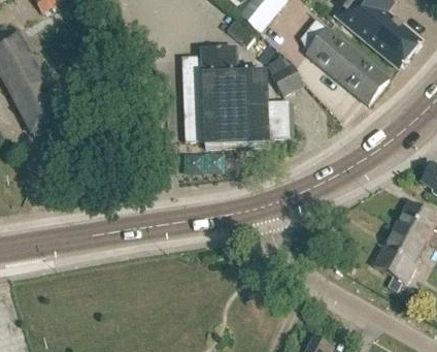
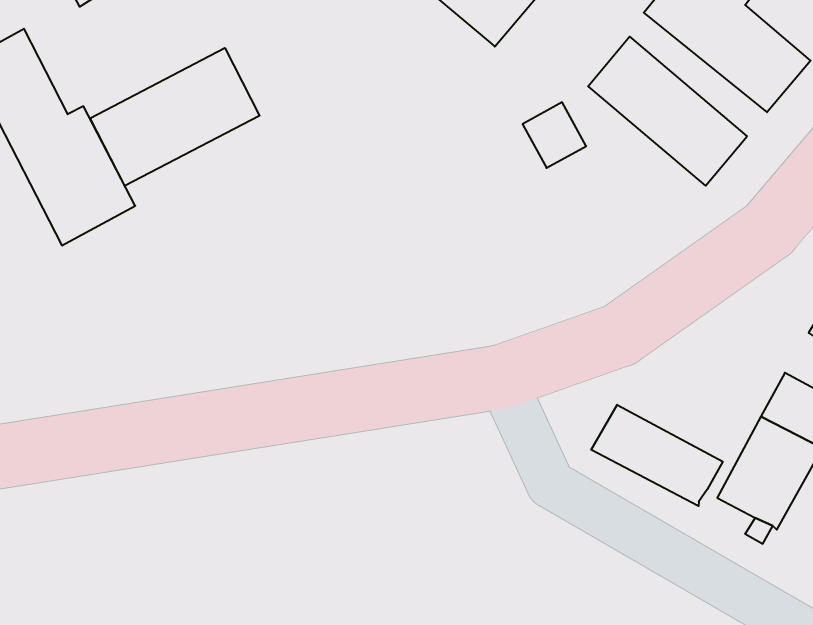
building: none -> [90,48,260,186]
building: [182,50,291,151] -> none
building: none -> [591,405,723,506]

